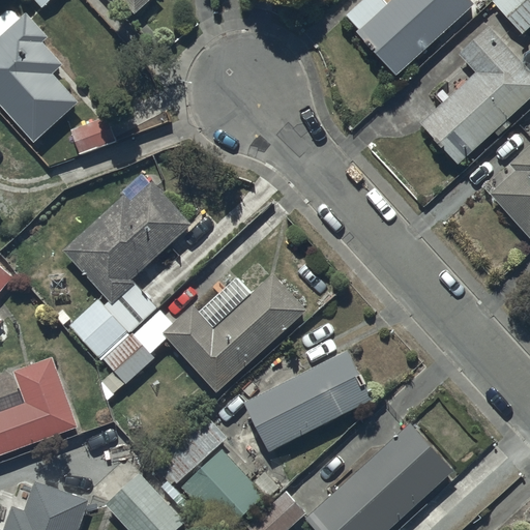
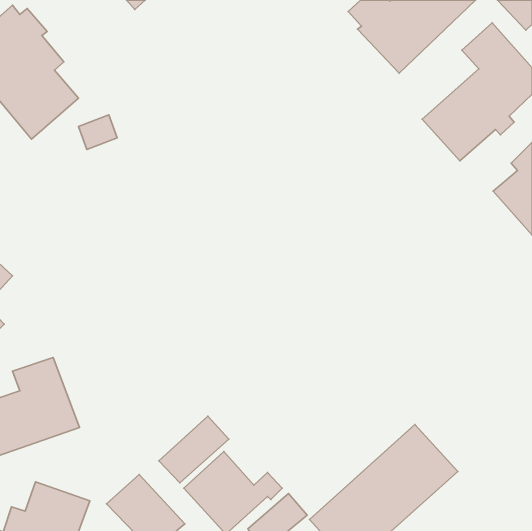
building: [63,181,190,358] -> none
building: [100,273,304,401] -> none
building: [244,350,373,450] -> none

